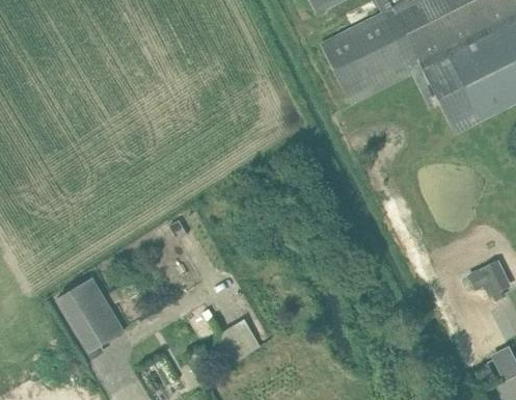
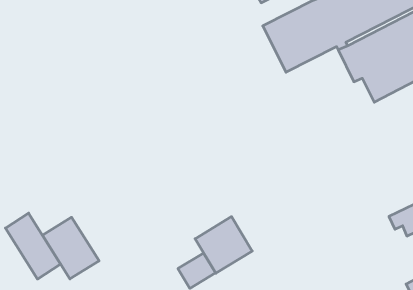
building: none -> [5,213,61,279]
building: none -> [195,217,252,273]

